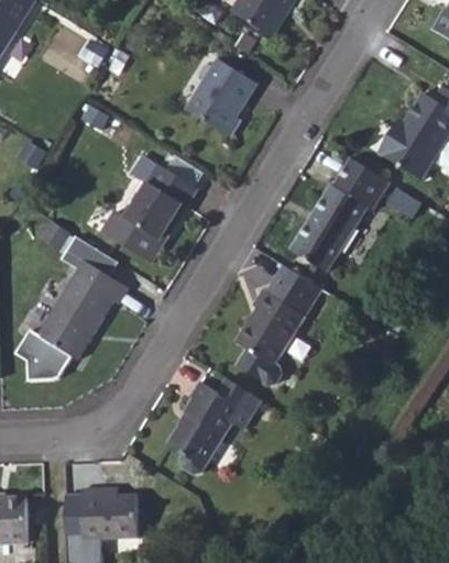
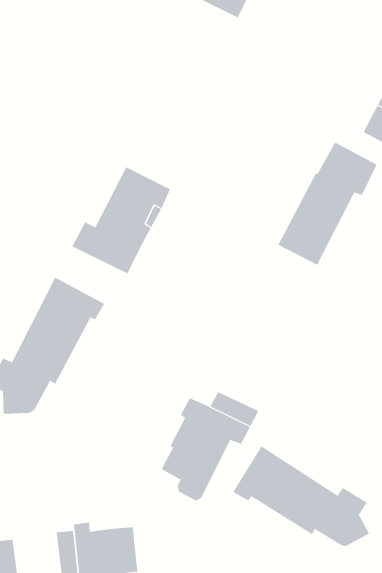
building: [186,57,255,134] -> none
building: [236,263,321,384] -> none
building: none -> [233,445,370,546]

